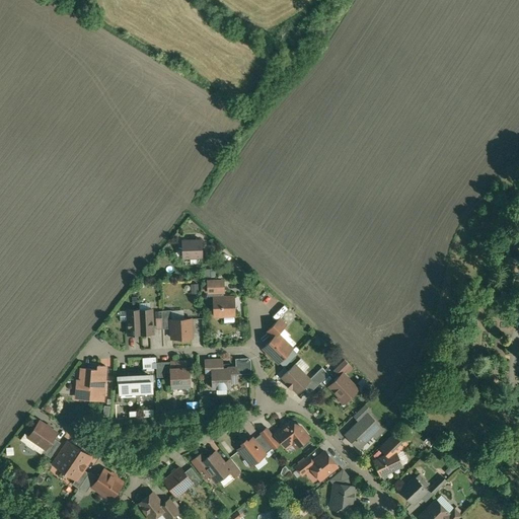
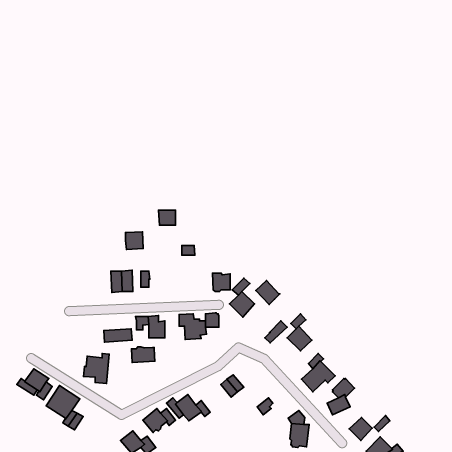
building: [213,297,233,318] -> [212,273,230,292]
building: [170,319,191,340] -> [125,232,143,249]
building: [76,366,105,400] -> [83,353,109,383]
building: [282,366,309,393] -> [256,281,280,305]
building: none -> [131,347,155,362]
building: [275,423,308,448] -> none
building: [238,439,265,466] -> none
building: [308,452,336,480] -> none
building: [92,470,122,500] -> none

